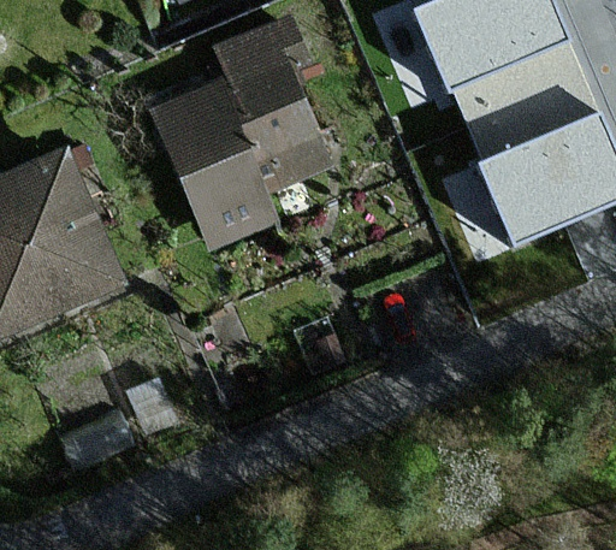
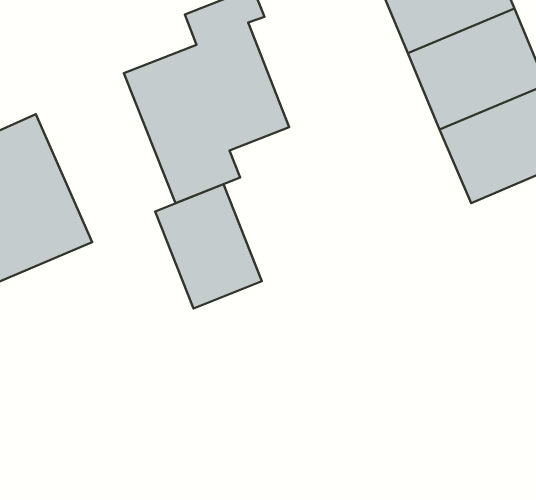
building: none -> [155,184,262,308]

